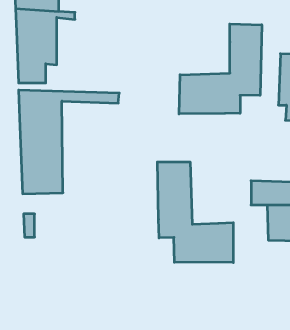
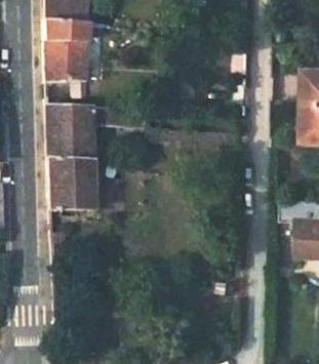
building: [179,24,262,114] -> none
building: [157,162,233,263] -> none

